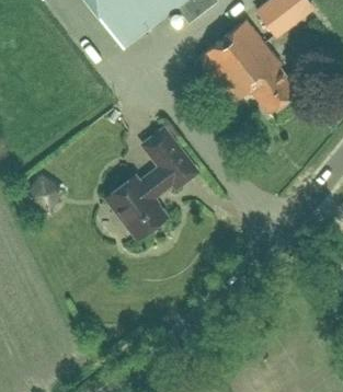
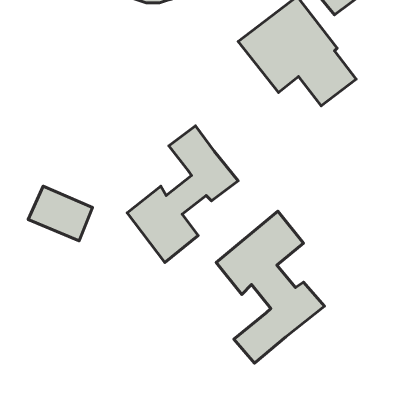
building: none -> [216,211,325,363]

